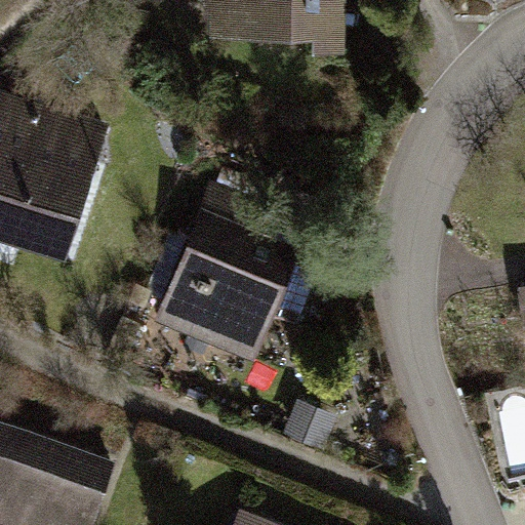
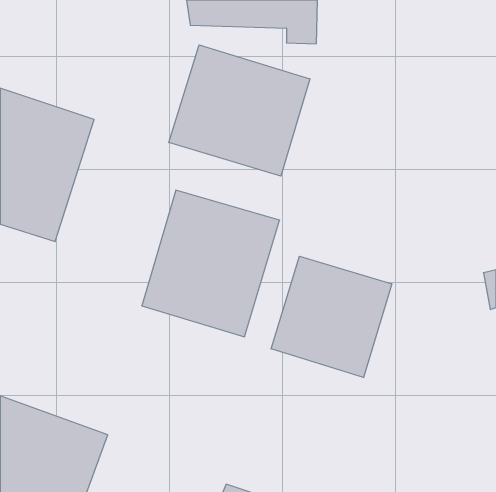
building: none -> [169,45,310,176]
building: none -> [271,256,392,378]

